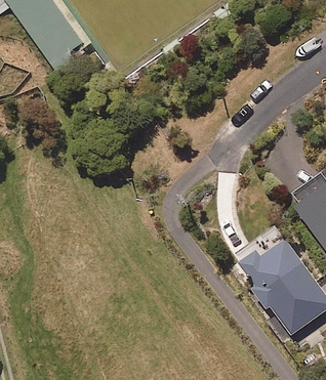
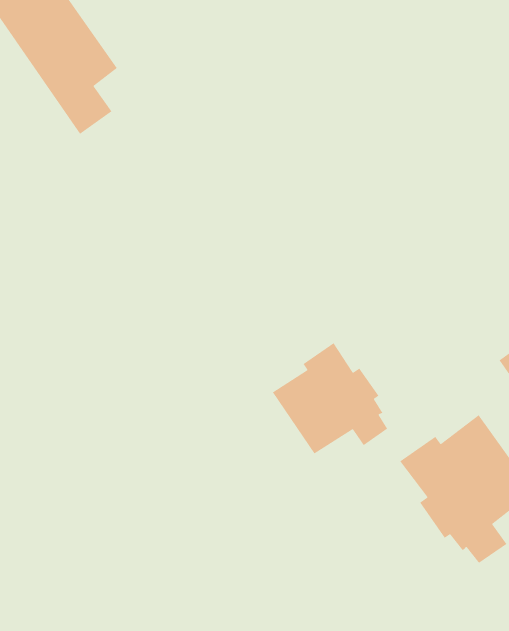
building: none -> [272,342,388,454]

